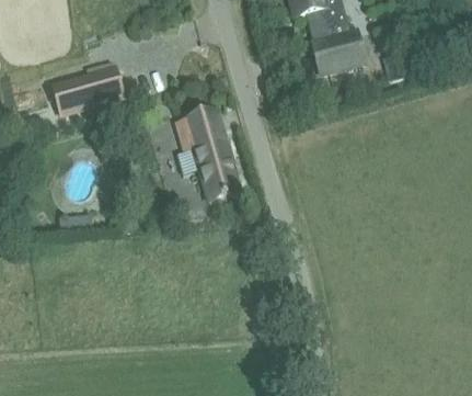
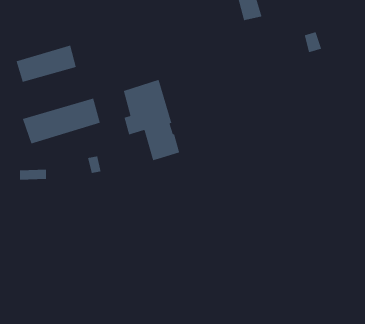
building: [318,30,366,70] -> none
building: none -> [22,97,101,145]

